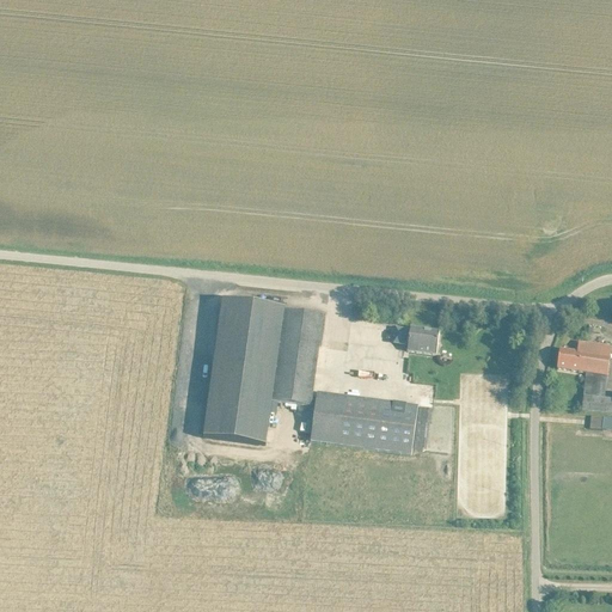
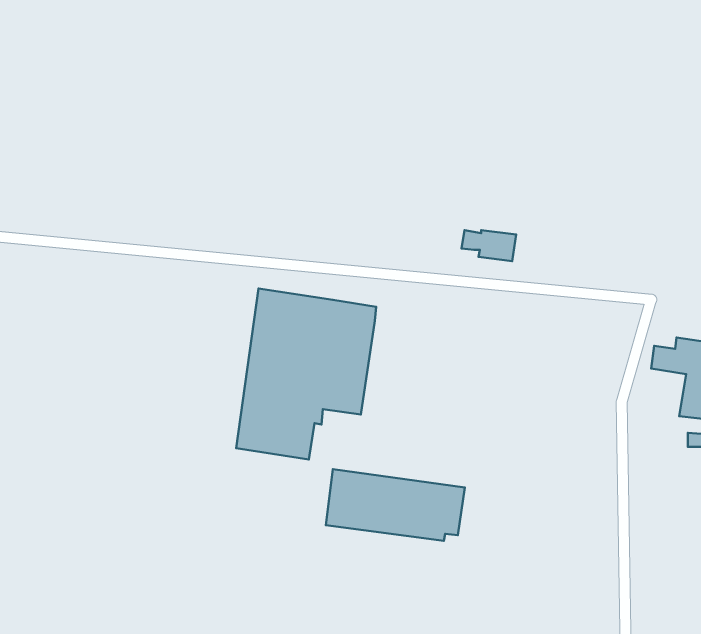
building: [393,325,440,351] -> [462,230,516,261]
building: [311,391,429,452] -> [326,469,465,541]

